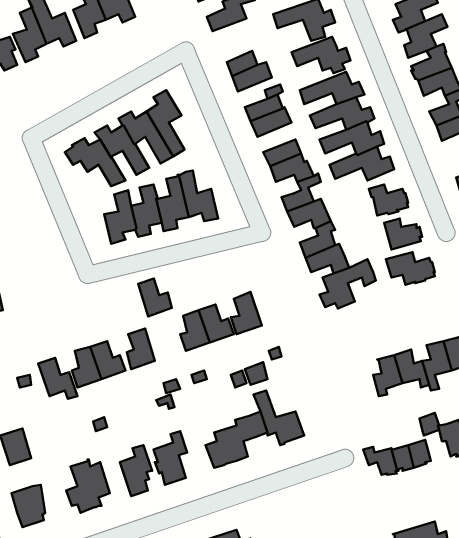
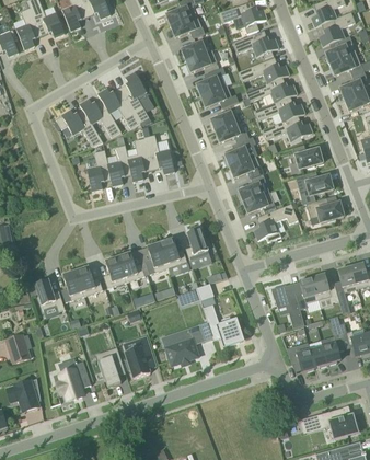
building: none -> [171,15,205,37]
building: [138,278,172,316] -> [118,252,144,281]
building: none -> [271,284,304,327]

